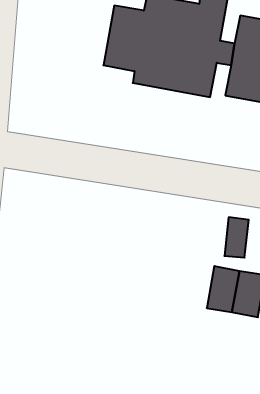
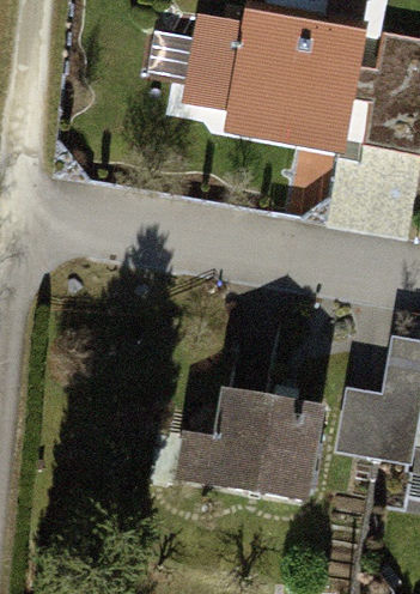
building: none -> [214,389,321,501]

